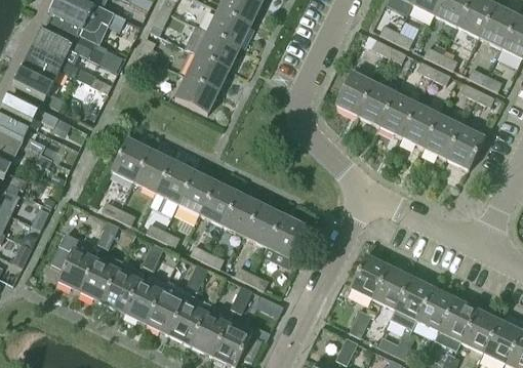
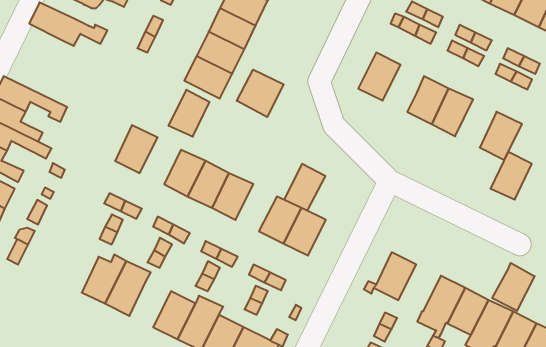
building: [11,44,111,108] -> none
building: [357,82,395,125] -> none
building: none -> [237,70,284,117]
building: [424,114,461,158] -> [490,152,532,200]
building: [133,149,171,192] -> [168,90,210,137]
building: [222,192,259,235] -> [284,164,325,211]
building: [50,232,95,291] -> none
building: none -> [492,263,535,311]
building: [371,265,410,309] -> none
building: [124,280,162,323] -> none

